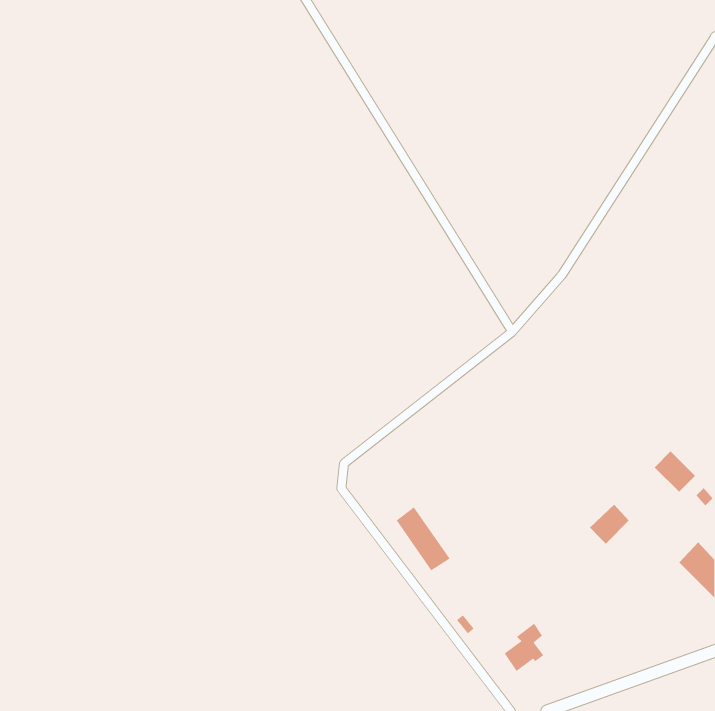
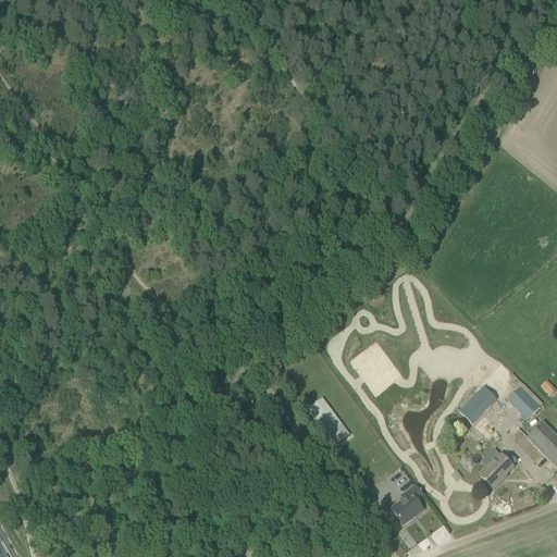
building: [654,451,696,493] -> [507,386,540,419]
building: none -> [480,454,516,488]

